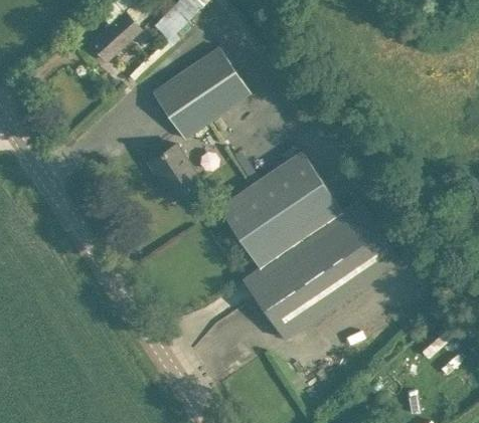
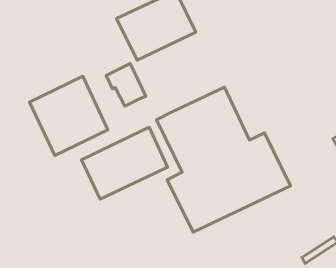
building: none -> [29,76,108,155]
building: none -> [81,127,167,199]

